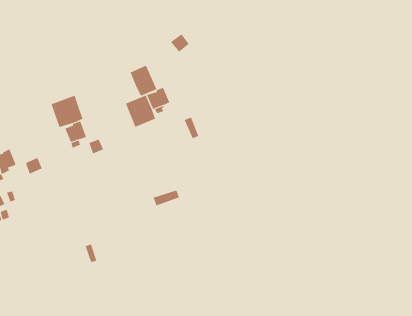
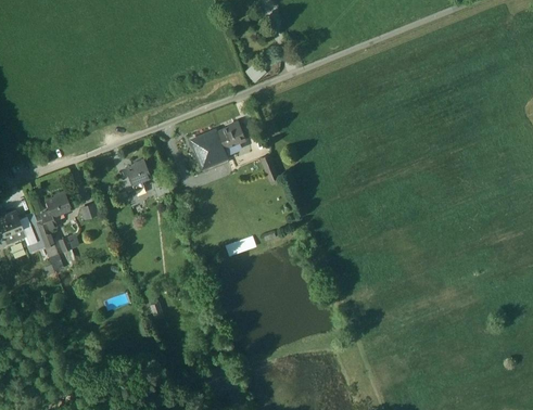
building: [130,65,157,97] -> none
building: [51,95,83,128] -> none

